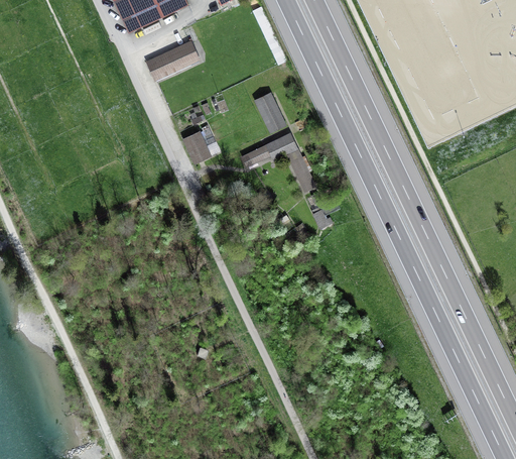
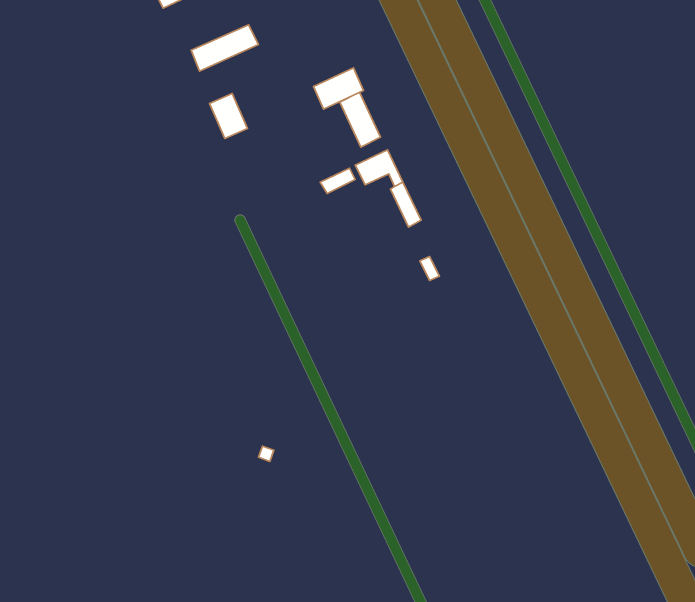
building: none -> [314,68,364,109]
building: [184,132,212,164] -> [210,94,247,138]

